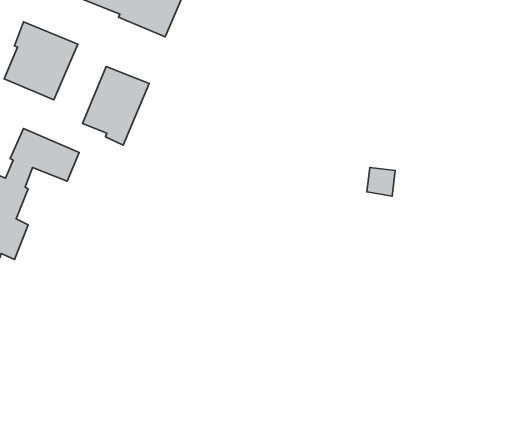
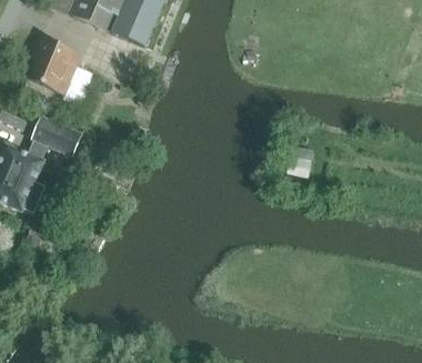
building: [83,66,149,145] -> none

